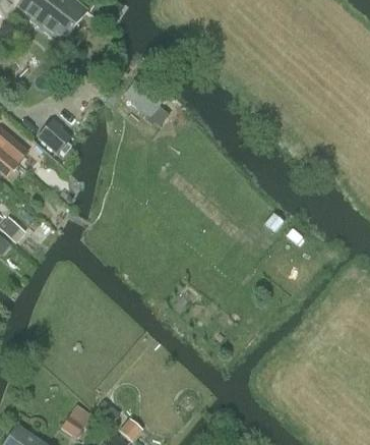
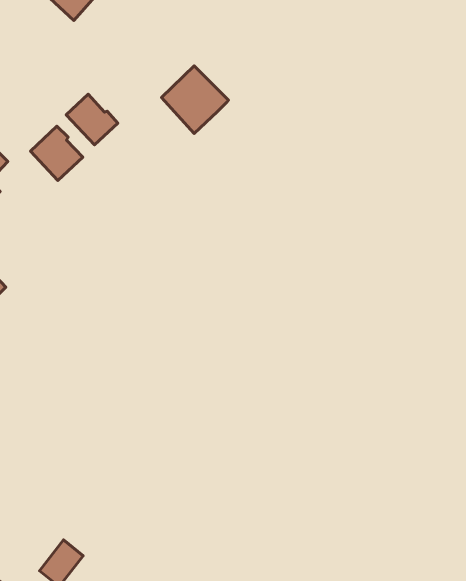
building: none -> [66,94,118,145]

